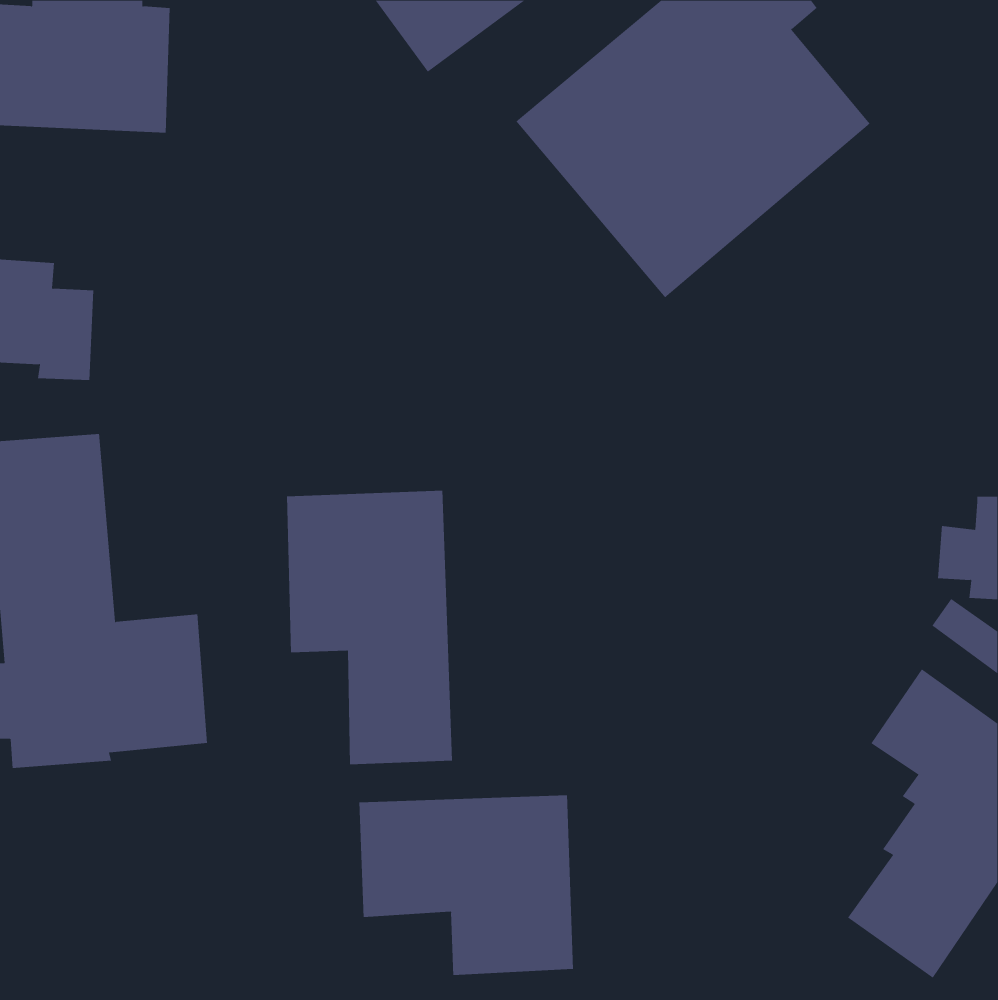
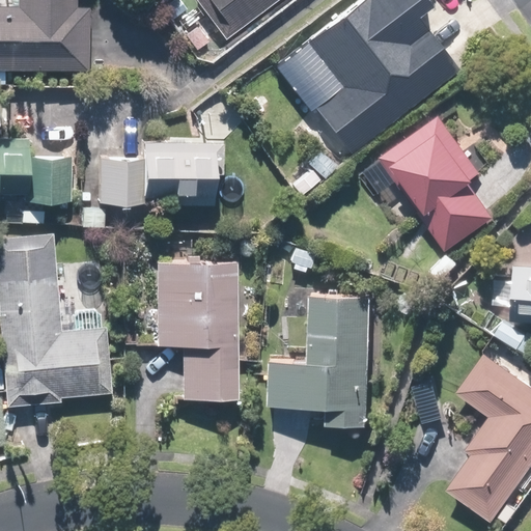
building: none -> [381,113,494,251]
building: none -> [92,139,223,205]
building: none -> [267,297,371,426]
building: [359,794,574,976] -> none

